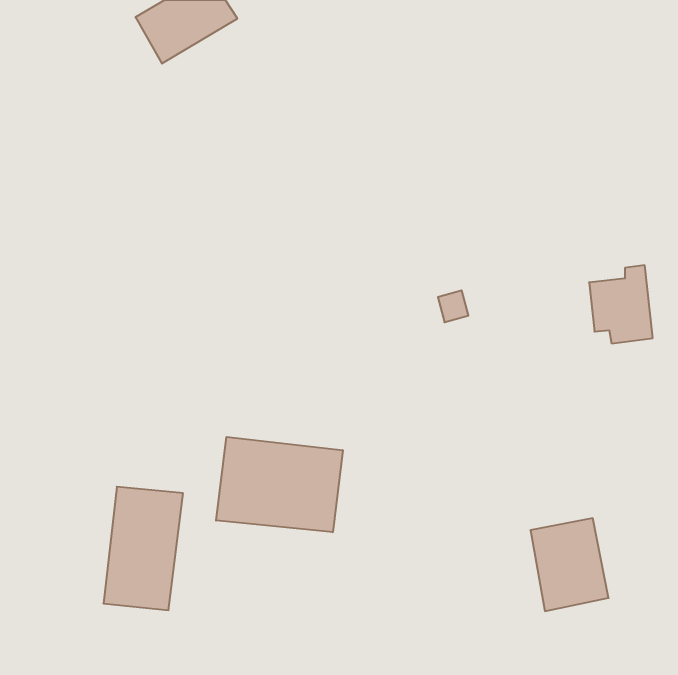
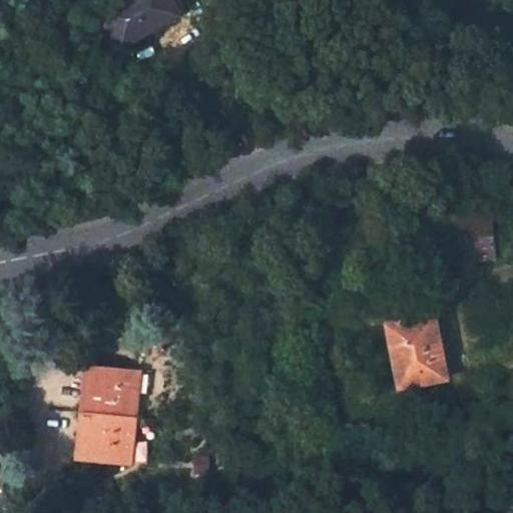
building: [216,437,343,532] -> none
building: [530,518,609,611] -> [387,317,446,387]

